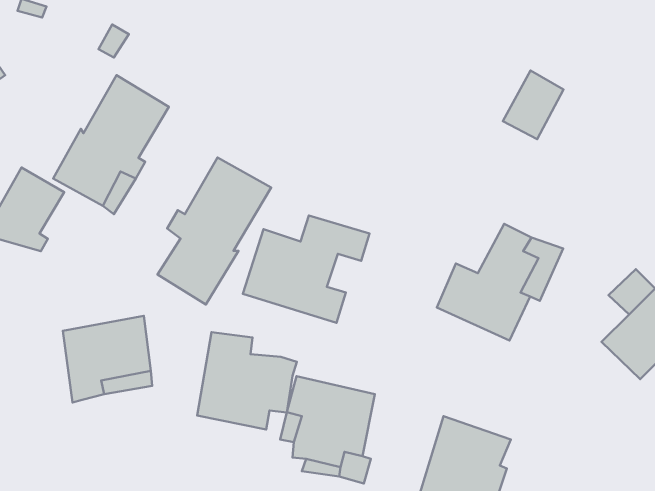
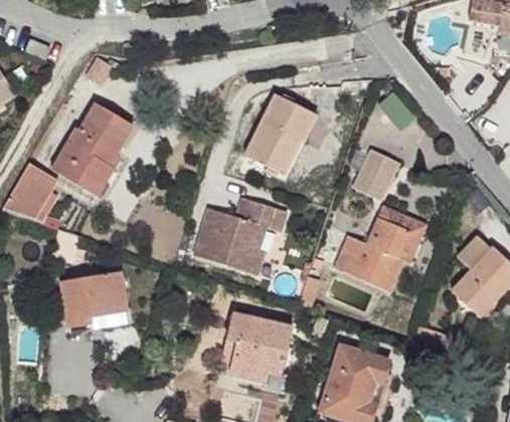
building: [503,70,563,139] -> [353,148,397,198]
building: none -> [242,92,317,173]
building: [157,157,271,304] -> none
building: [197,332,297,429] -> none

